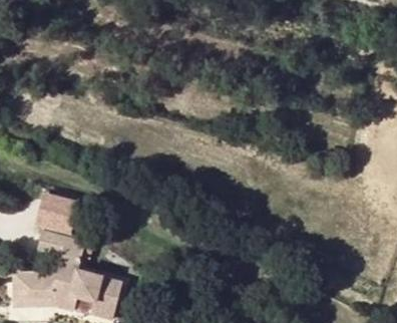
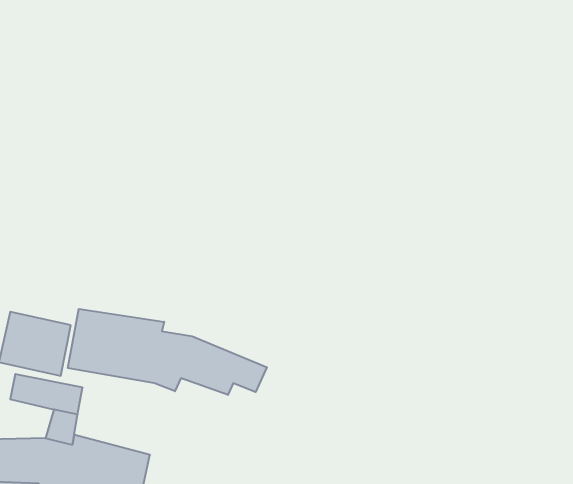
building: none -> [68,309,267,395]

